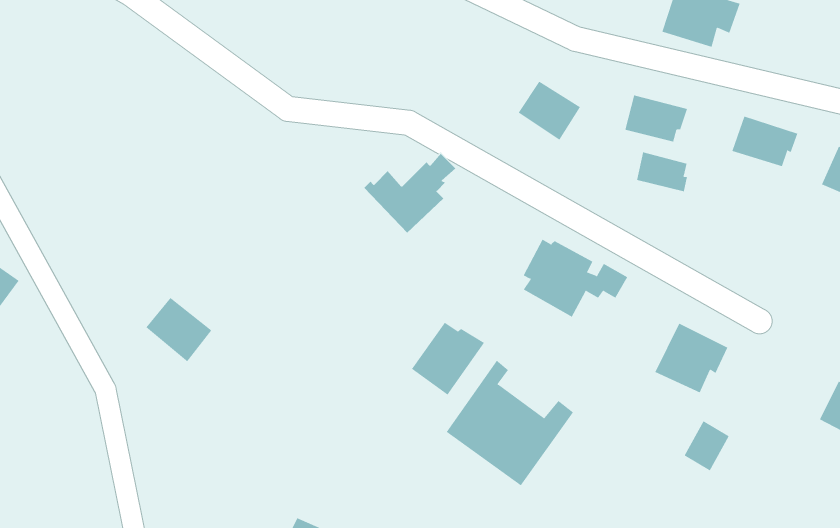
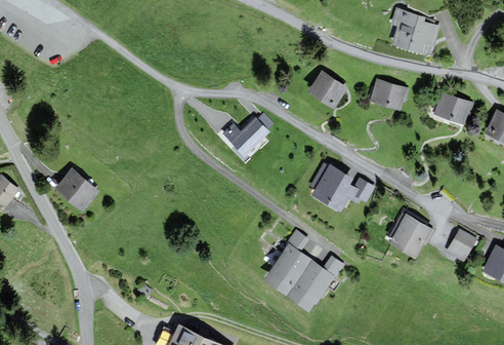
building: [637,152,687,192] -> none
building: [145,297,212,362] -> [57,171,96,209]
building: [411,322,485,395] -> none
building: [684,420,729,471] -> [448,230,474,260]

